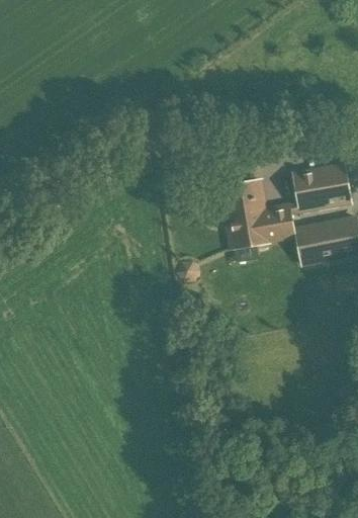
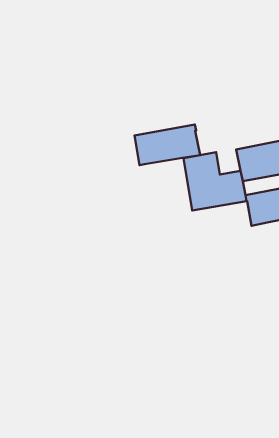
building: none -> [134,125,200,165]

